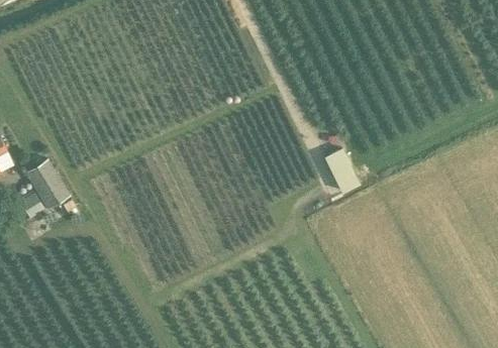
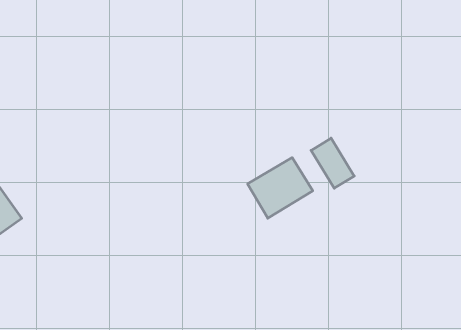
building: none -> [248,158,313,218]

